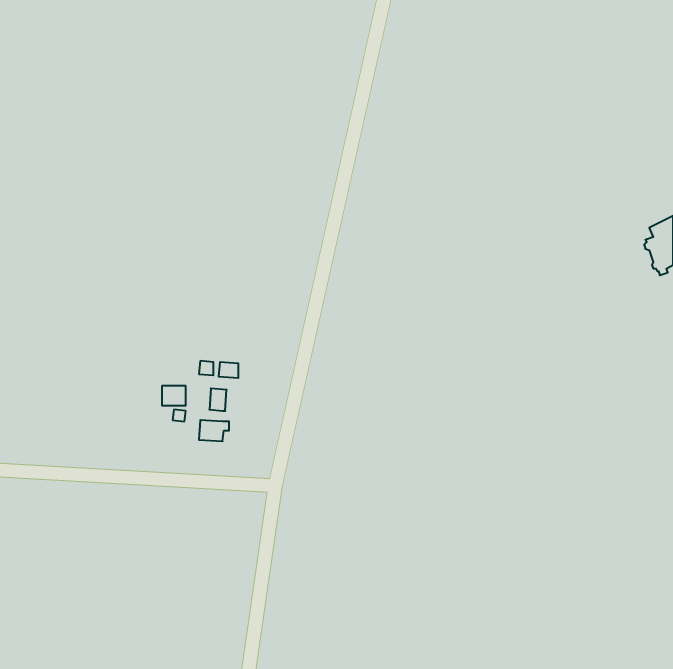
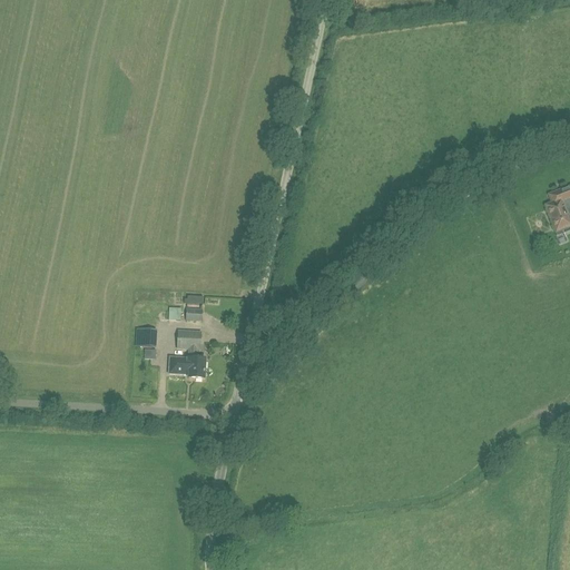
building: none -> [188,330,205,377]

